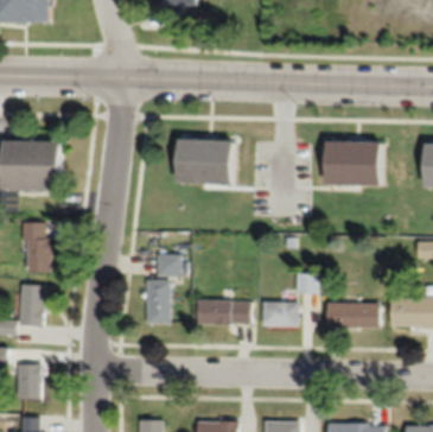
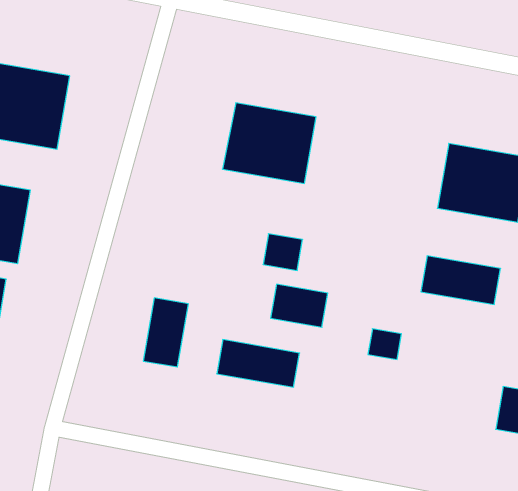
building: [157,254,180,275] -> [263,234,303,270]
building: [262,300,298,324] -> [271,284,328,327]
building: [327,301,378,326] -> [421,256,501,304]

